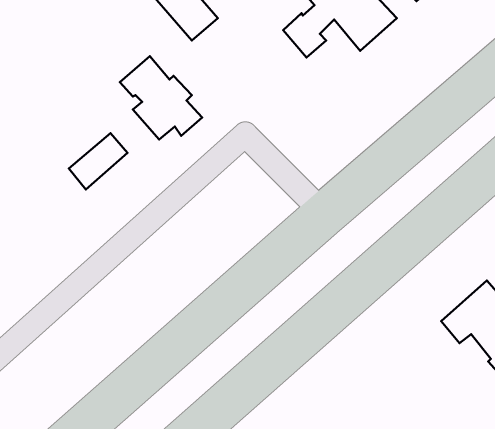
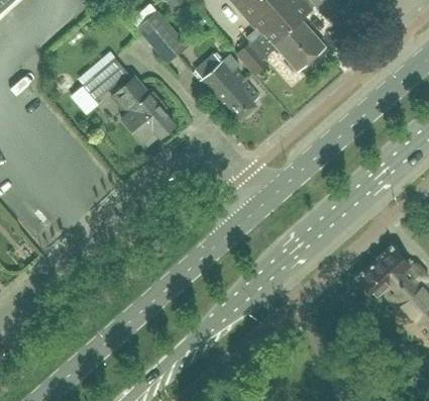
building: none -> [199,57,255,117]
building: [69,133,128,189] -> [81,56,126,99]

